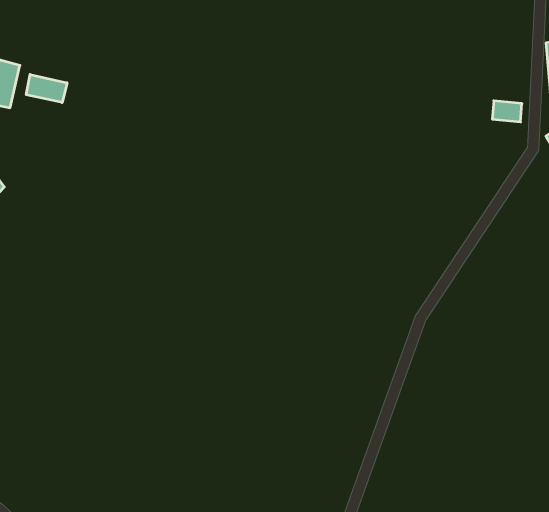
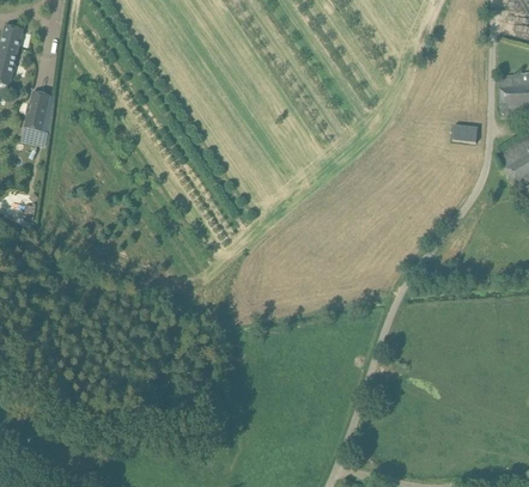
building: [26,74,67,103] -> none

